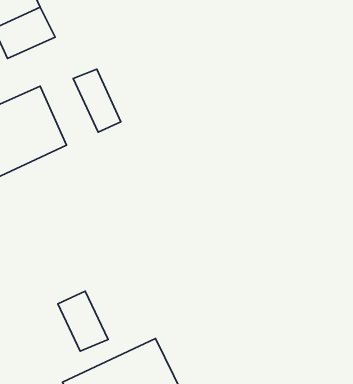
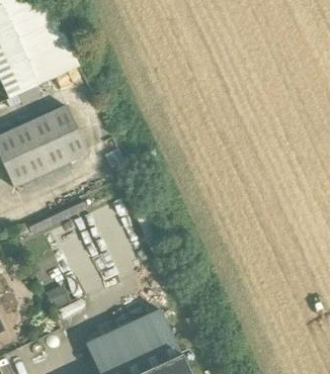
building: [73,69,121,132] -> none
building: [58,291,108,351] -> none

